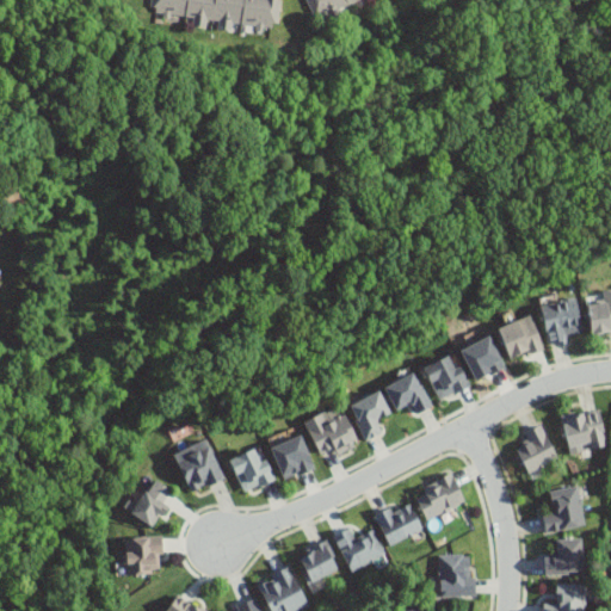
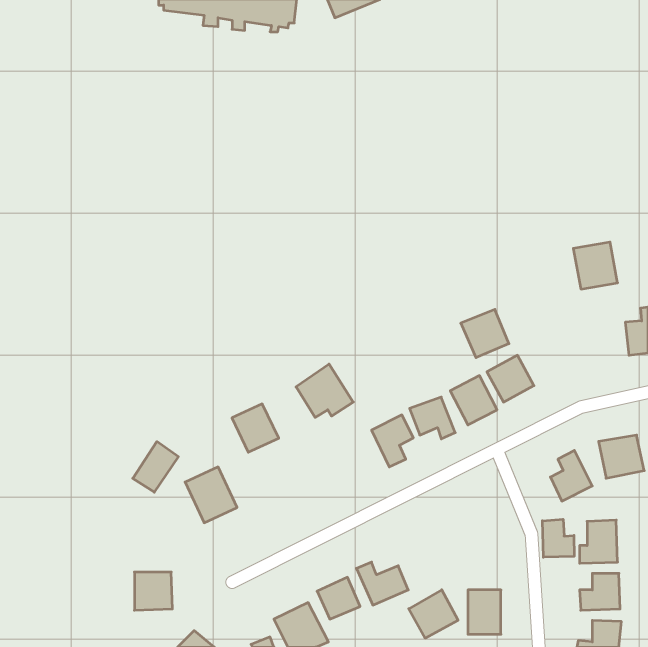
building: [542,298,584,342] -> [573,242,618,289]
building: [498,314,543,359] -> [461,309,509,358]
building: [304,403,358,453] -> [296,364,353,417]
building: [267,433,311,477] -> none
building: [229,446,273,492] -> [232,404,279,452]
building: [419,473,465,519] -> none
building: [131,479,174,526] -> [133,442,178,492]
building: none -> [542,519,574,557]
building: [376,500,422,545] -> [409,590,458,638]

